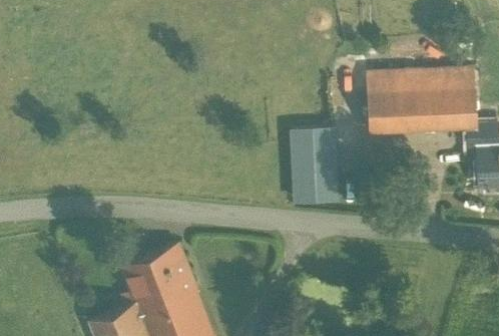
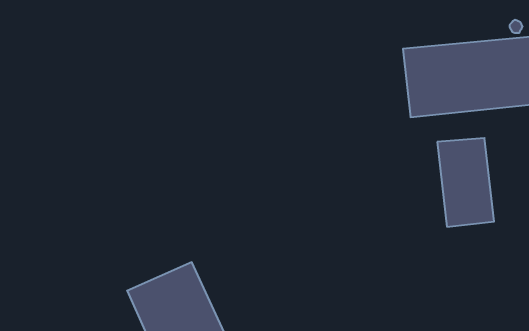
building: [293,129,337,203] -> [437,138,494,227]

